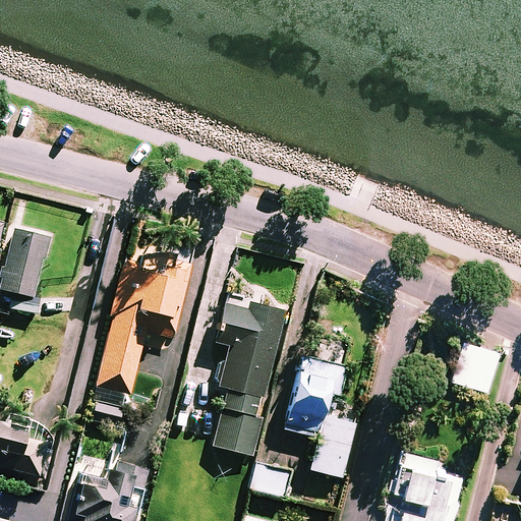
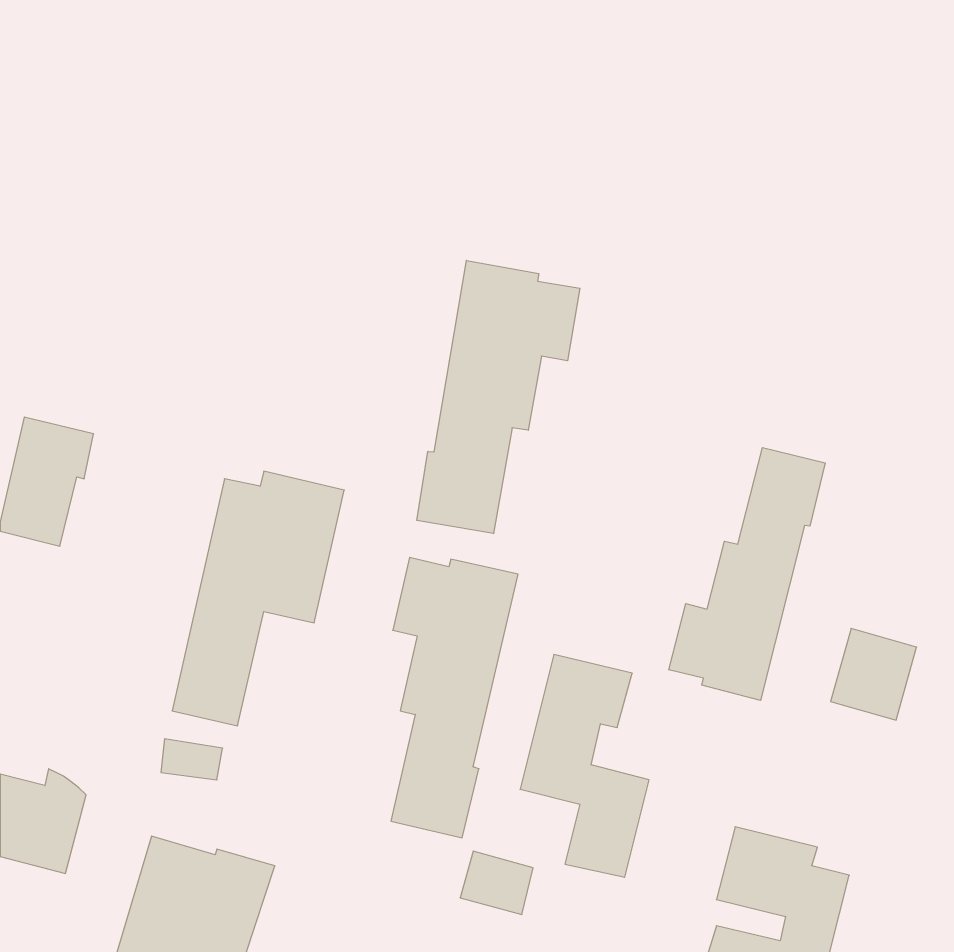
building: none -> [417,260,580,534]
building: none -> [669,448,825,700]

